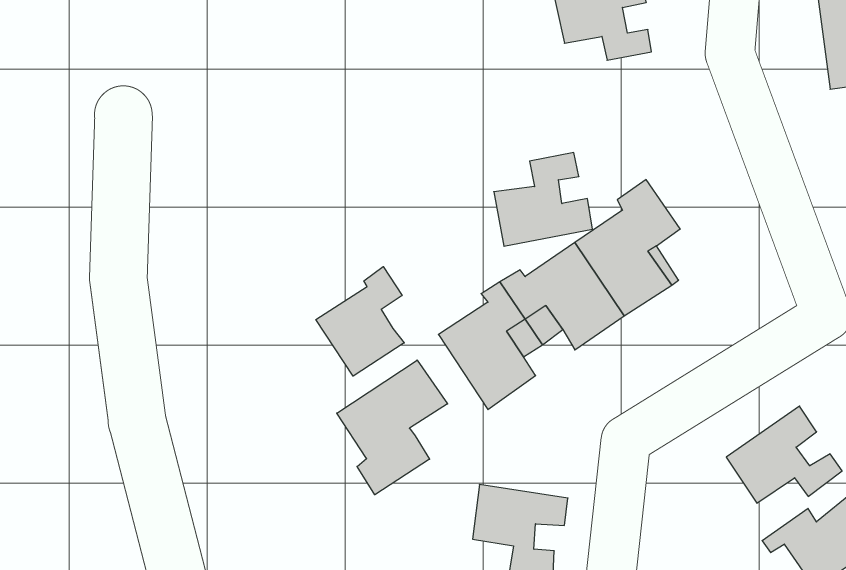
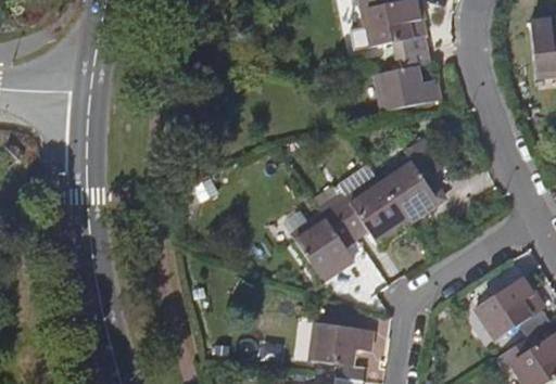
building: [494,153,593,246] -> [375,50,438,110]
building: [316,267,404,376] -> none
building: [337,360,448,495] -> none

